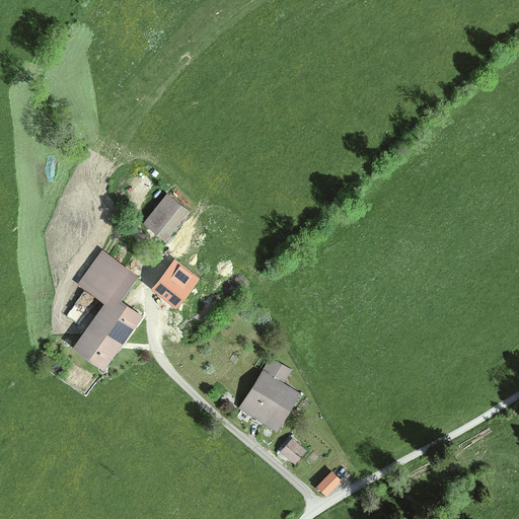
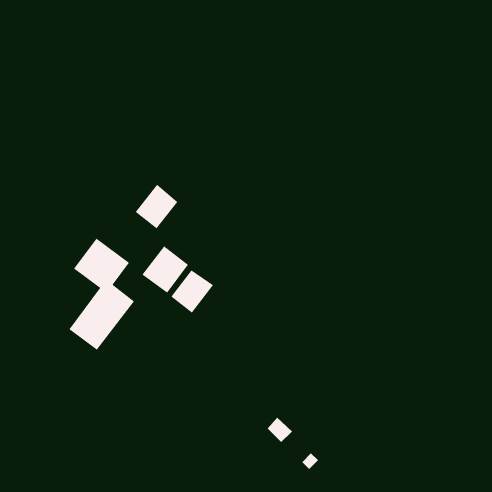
building: none -> [170,269,214,314]
building: [239,361,301,432] -> none

